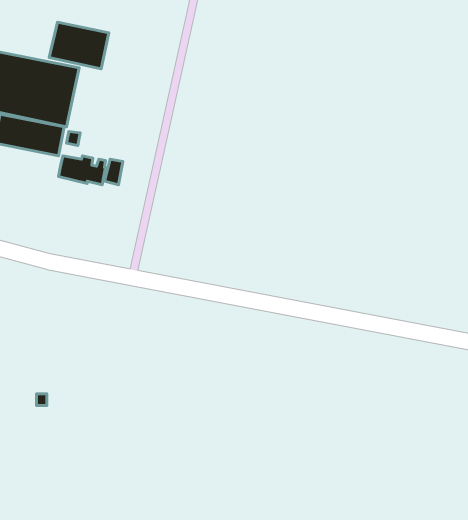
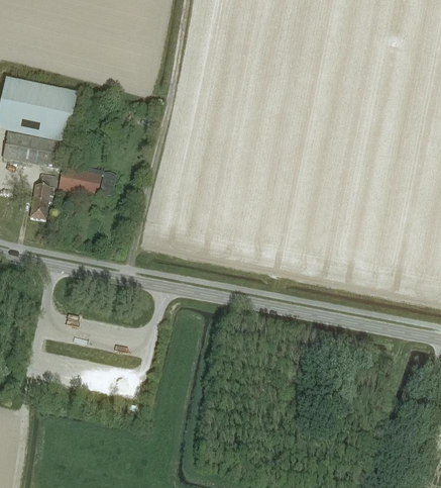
building: [49,22,109,69] -> none
building: none -> [28,171,54,218]

